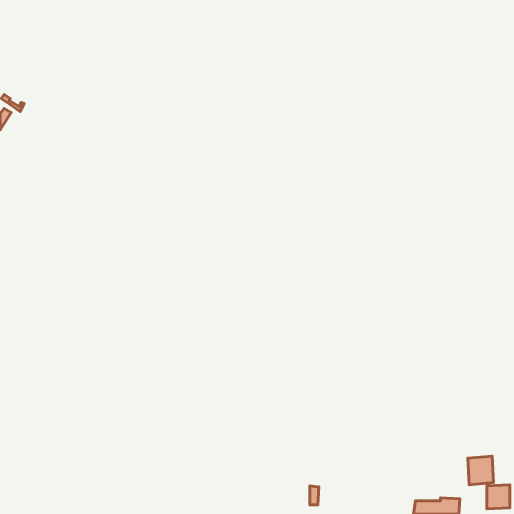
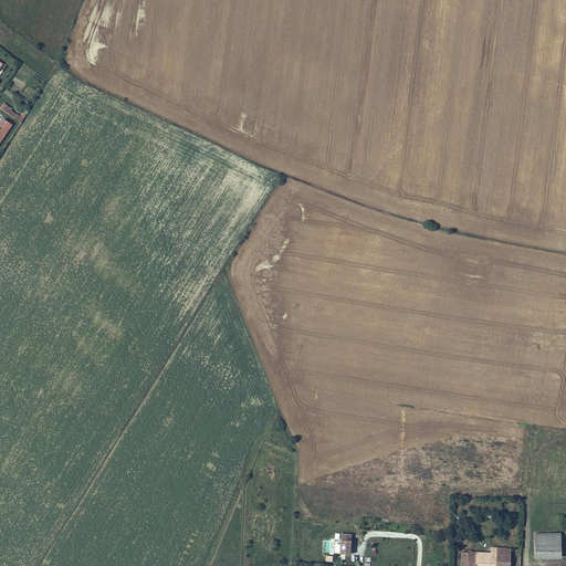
building: [468,456,493,485] -> none

